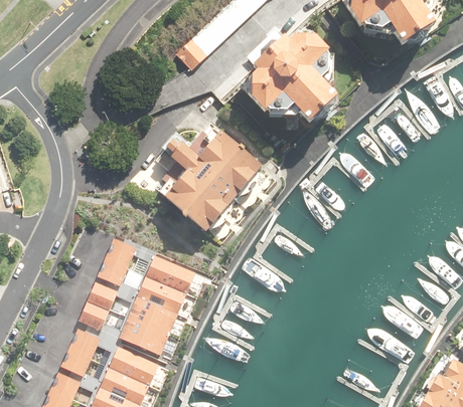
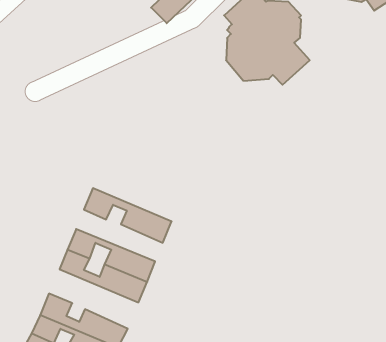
building: [160,125,263,235] -> none
building: [98,258,187,312] -> none
building: [69,325,160,381] -> none

